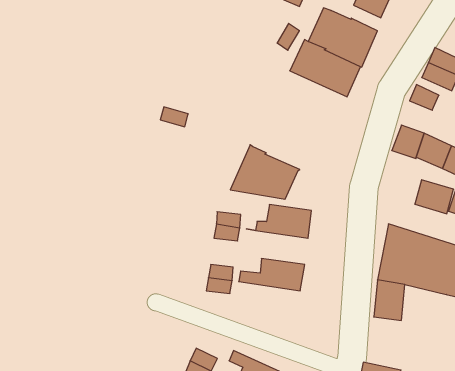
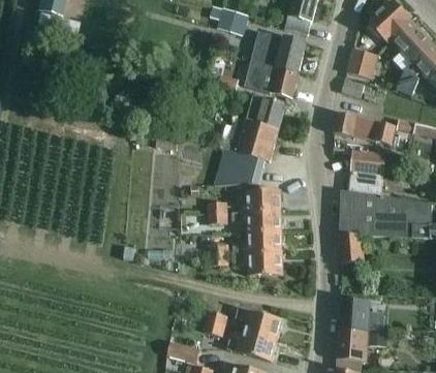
building: none -> [226,93,284,161]
building: none -> [350,172,384,195]
building: none -> [232,211,282,232]
building: none -> [233,252,283,275]

